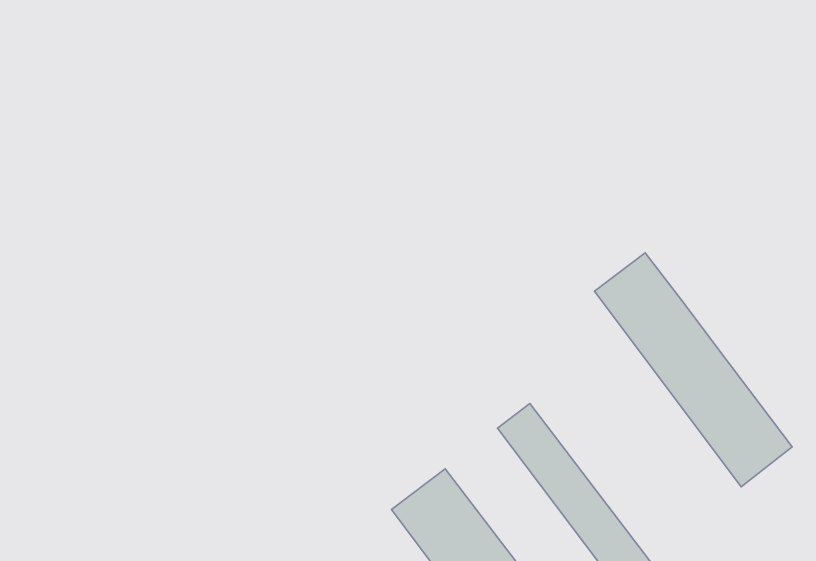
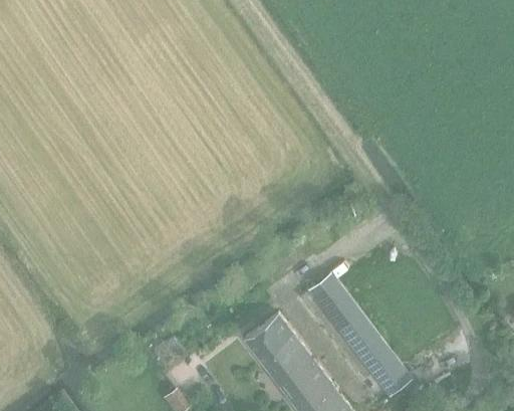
building: [594,253,792,487] -> none

